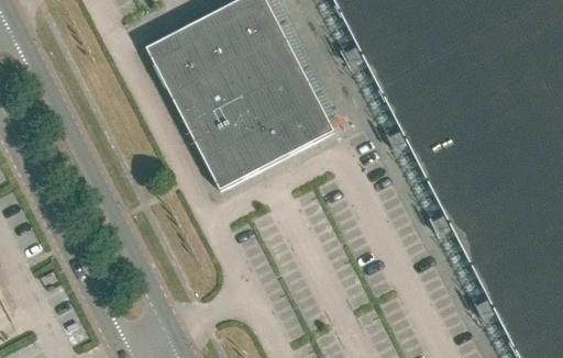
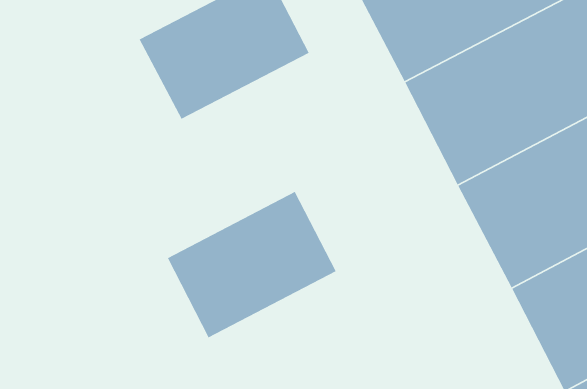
building: [185,59,333,188] -> [167,191,337,338]

